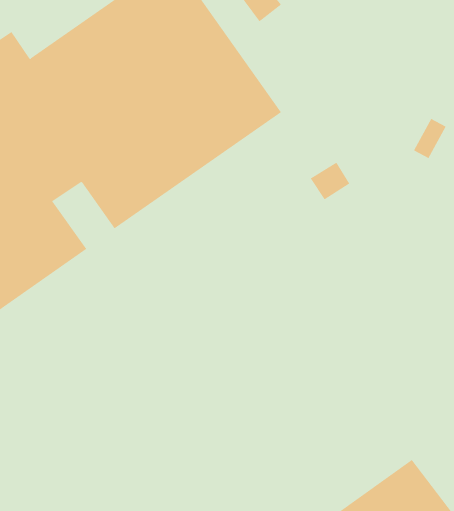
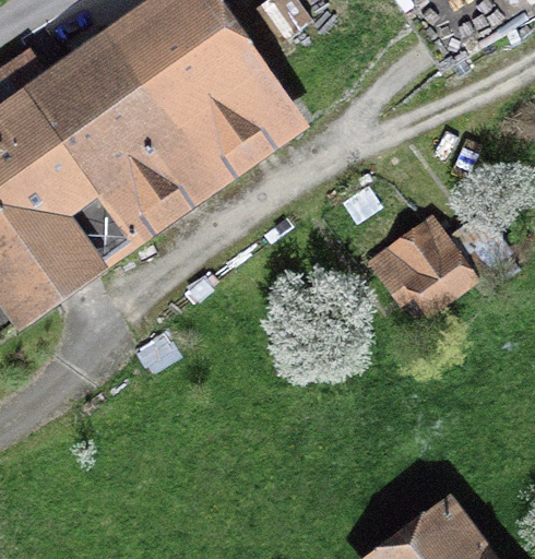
building: none -> [362,209,480,320]

